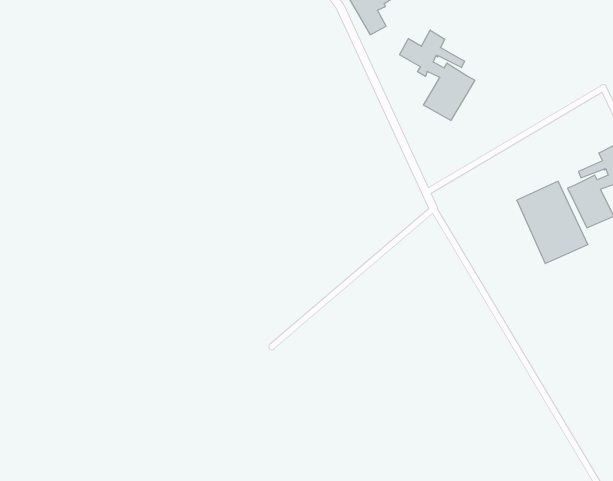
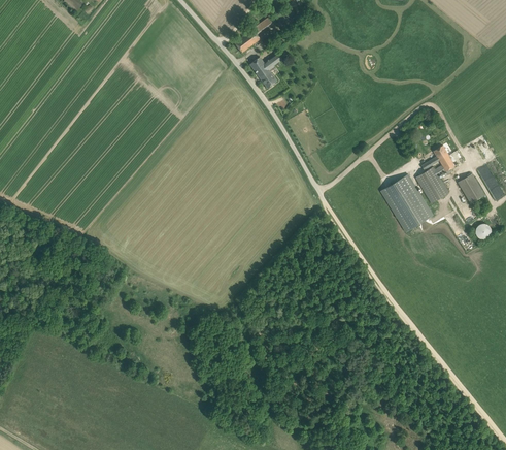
building: [400,30,475,120] -> none

